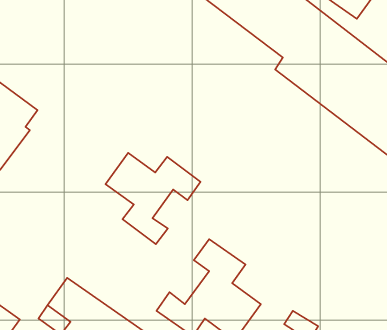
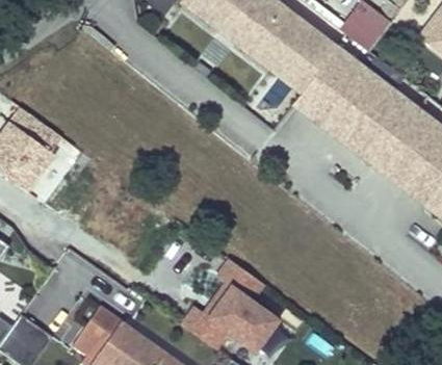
building: [106,153,200,244] -> none

